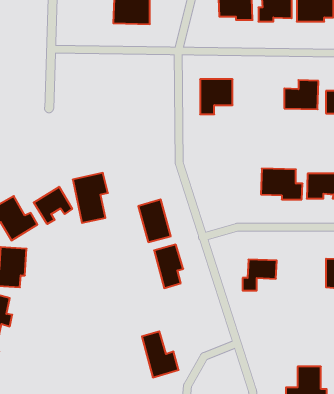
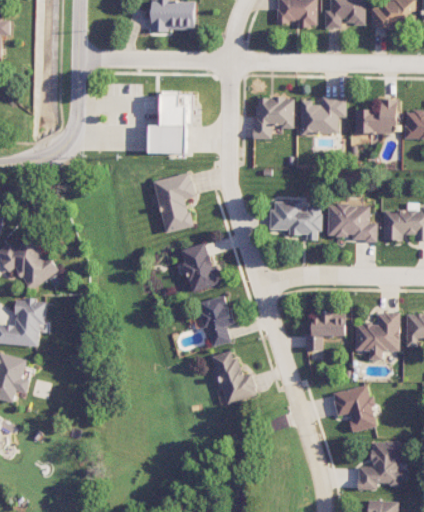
building: none -> [149,89,194,151]
building: none -> [300,97,346,133]
building: none -> [270,200,321,240]
building: [73,173,108,223] -> [153,172,195,232]
building: [34,187,72,224] -> none
building: none -> [354,312,400,359]
building: none -> [331,384,376,432]
building: [142,331,179,377] -> [213,349,257,404]

